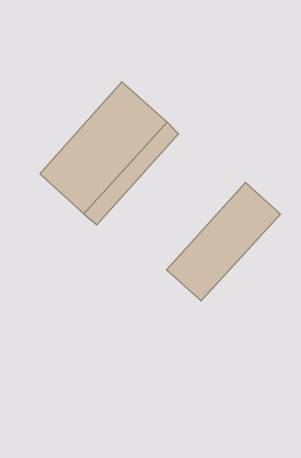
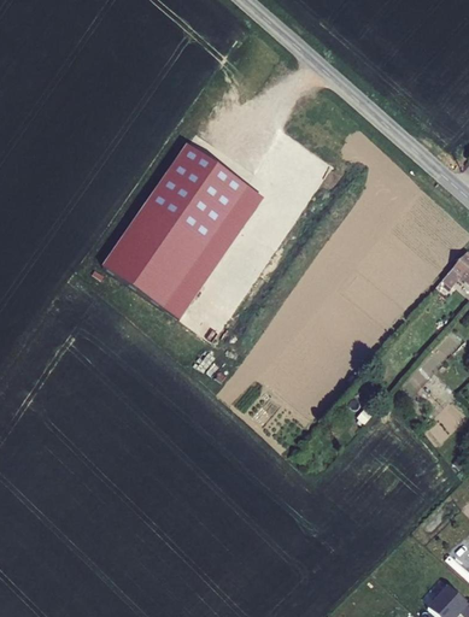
building: [166,182,280,301] -> none

